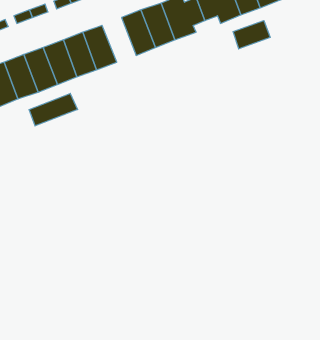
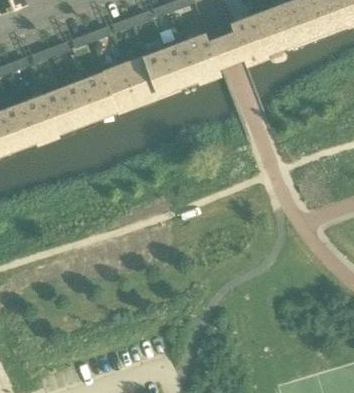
building: none -> [124,56,159,102]
building: [233,21,270,49] -> none
building: [29,93,78,126] -> none

